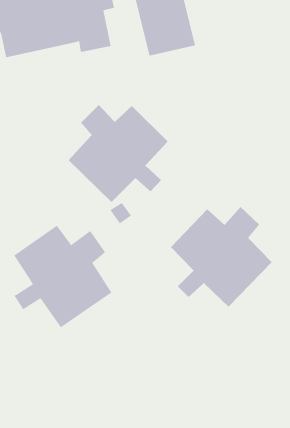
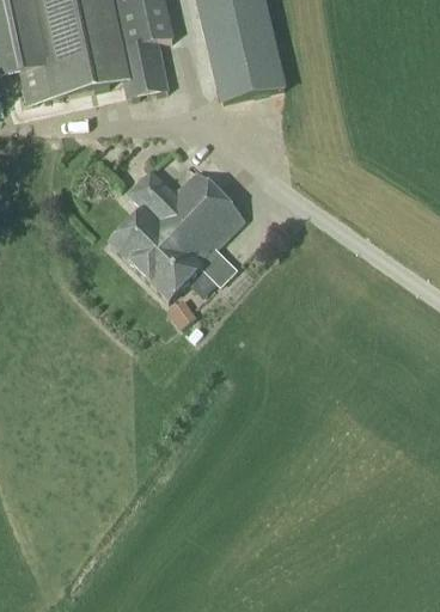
building: [170,206,273,307] -> none
building: [13,225,112,328] -> none

